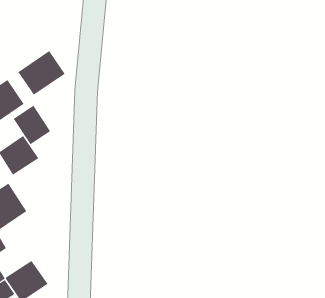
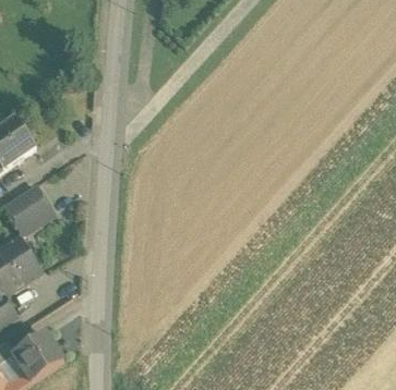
building: [18,50,65,96] -> none
building: [13,105,51,145] -> none

